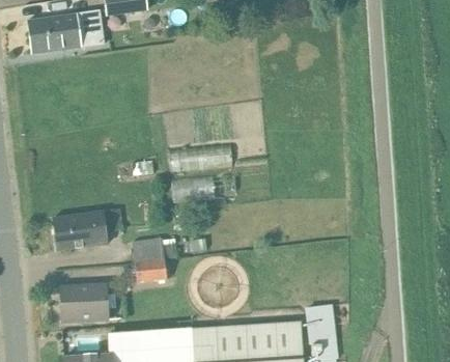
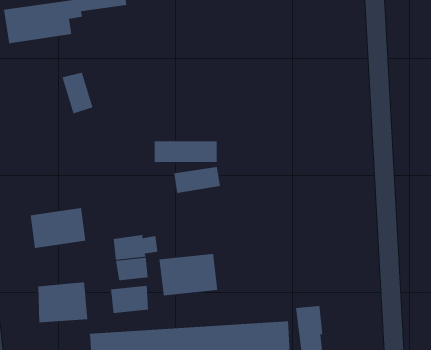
building: none -> [62,72,93,114]
building: none -> [159,253,218,296]
building: none -> [110,285,148,314]

